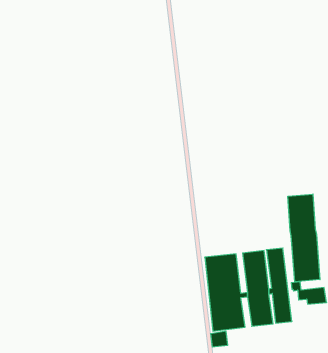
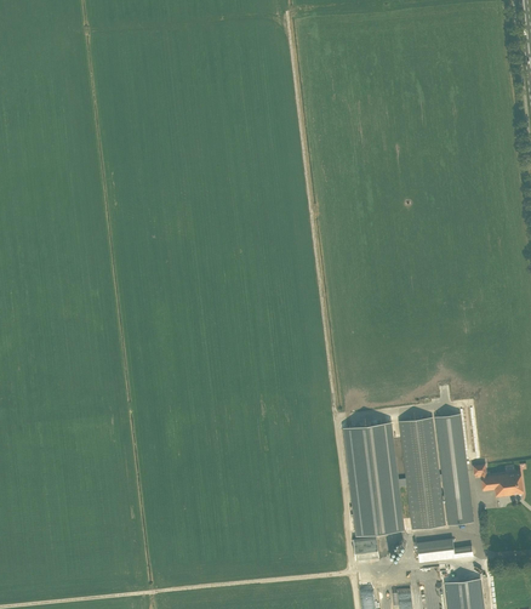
building: [288,194,320,282] -> none
building: none -> [417,540,473,563]

